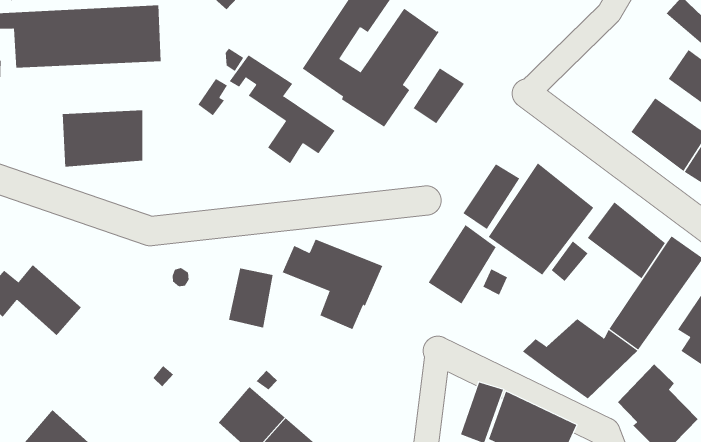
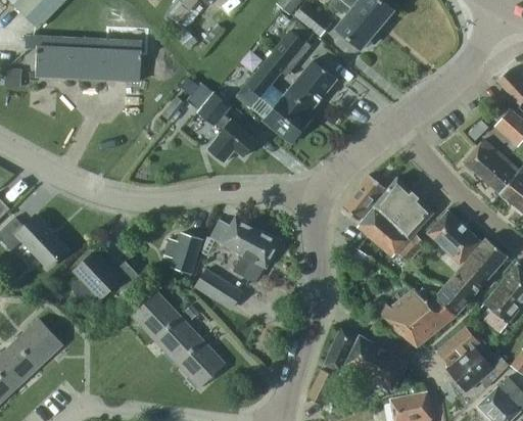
building: [413,68,465,124] -> none
building: [62,109,143,168] -> none
building: [428,224,497,305] -> none
building: none -> [73,251,141,299]
building: none -> [197,270,241,310]
building: none -> [131,291,179,339]

